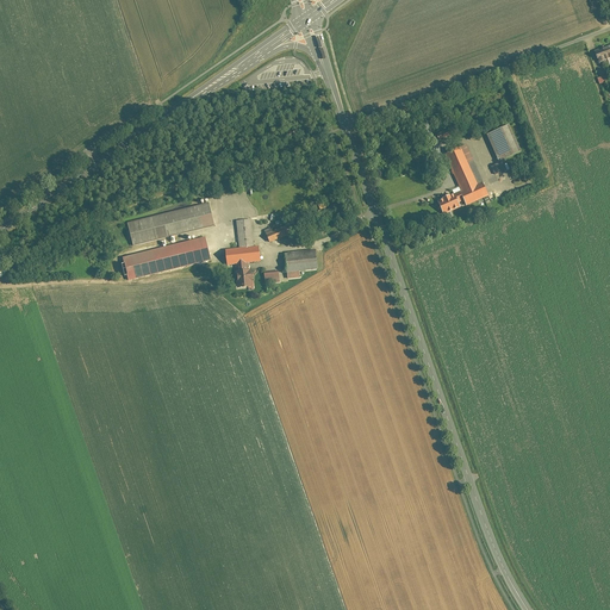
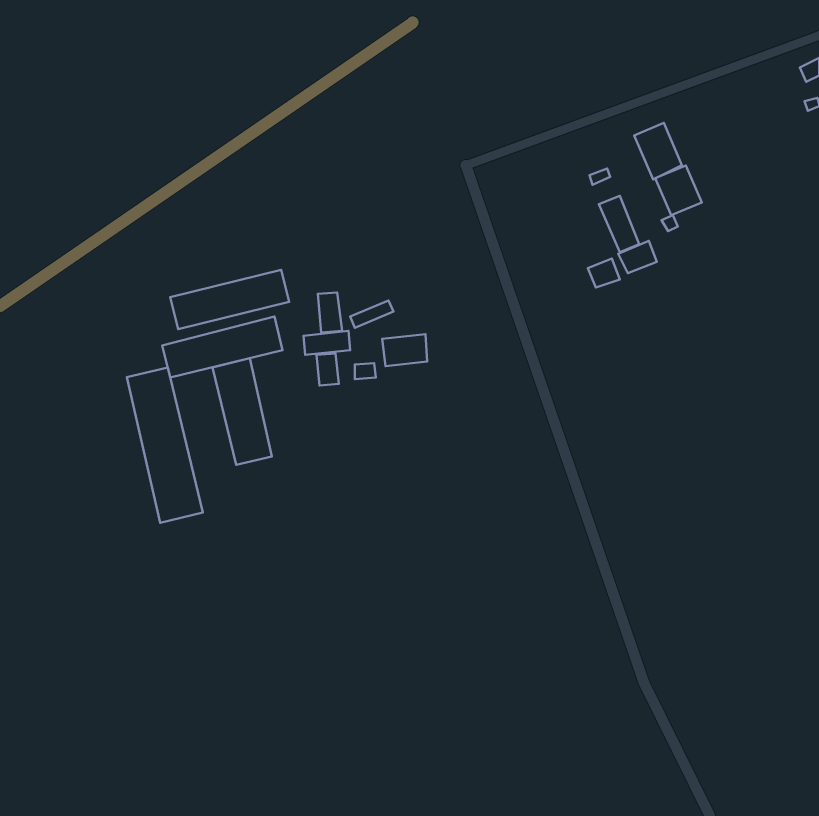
building: none -> [634,123,682,179]
building: none -> [212,358,272,465]
building: none -> [127,368,203,523]

